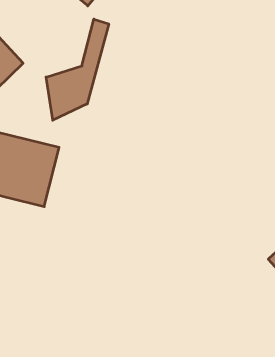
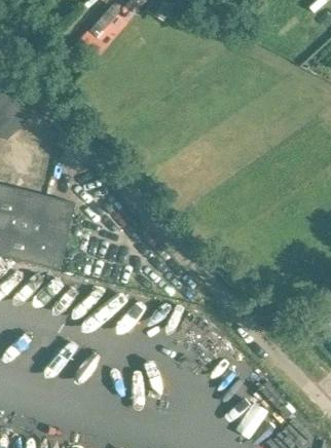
building: [46,19,109,120] -> none

